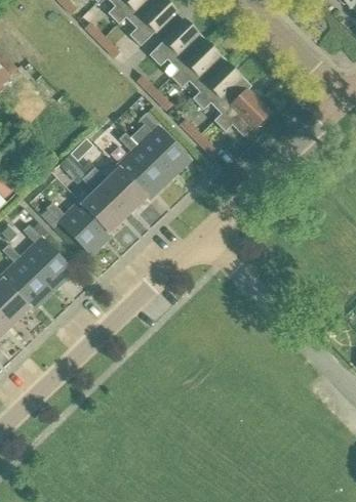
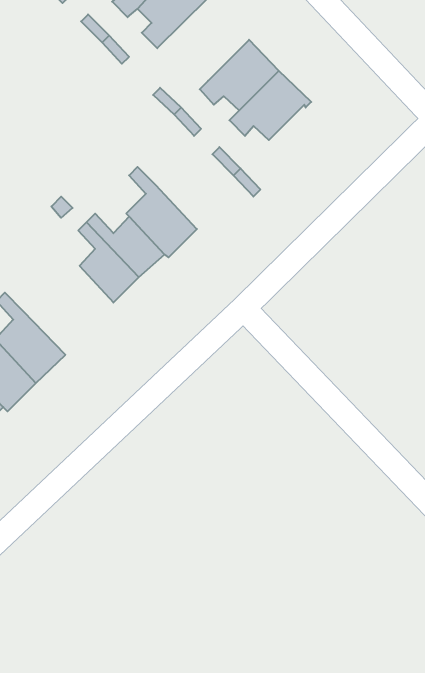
building: [149,18,206,70] -> none
building: [213,87,271,136] -> none
building: [139,113,190,177] -> none
building: [45,201,111,254] -> none

